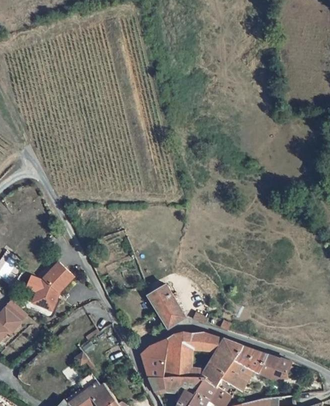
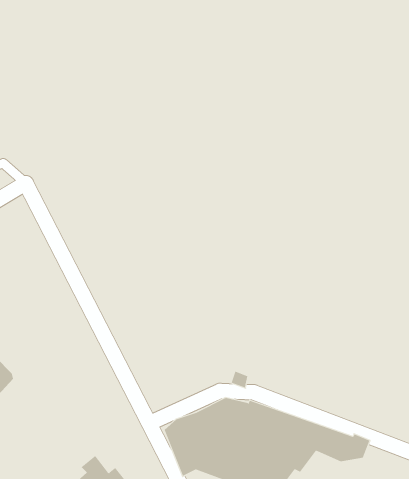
building: [25,263,71,312] -> none
building: [145,286,182,329] -> none

